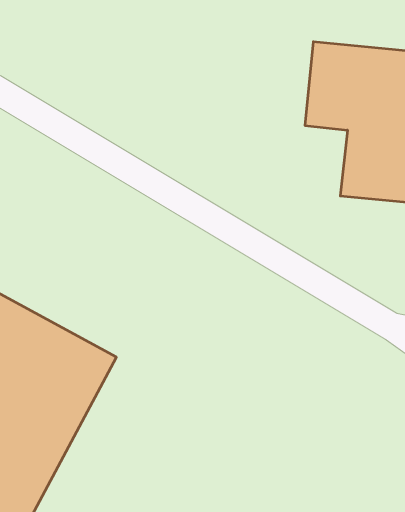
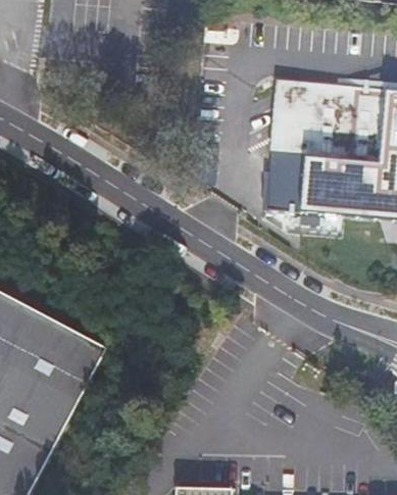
building: none -> [262,148,305,209]

